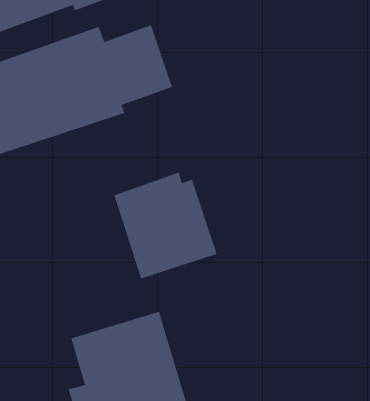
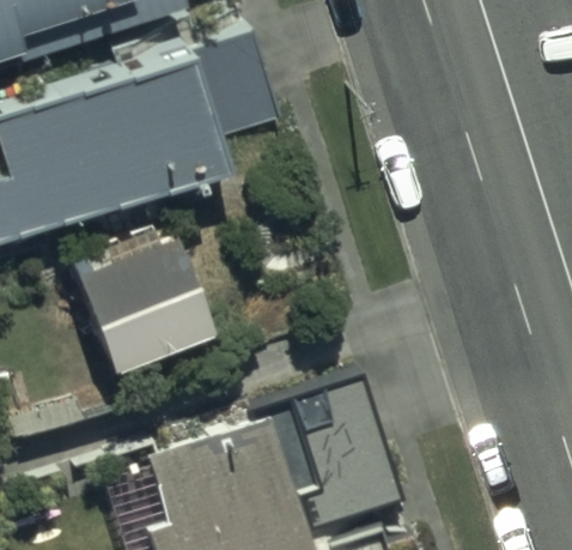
building: [114,172,218,279] -> [63,223,202,367]
building: none -> [304,392,401,536]

